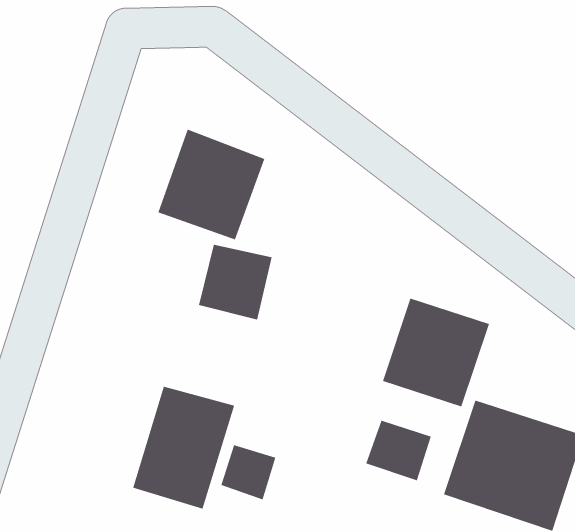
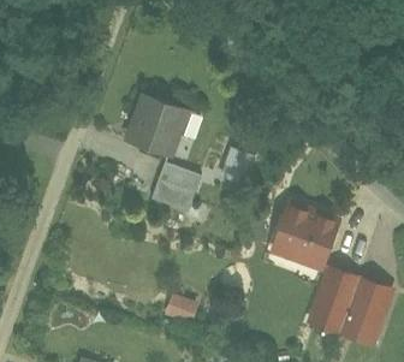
building: [133,386,235,509] -> none
building: [366,420,431,481] -> none

